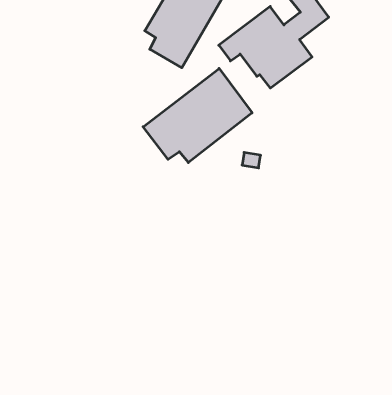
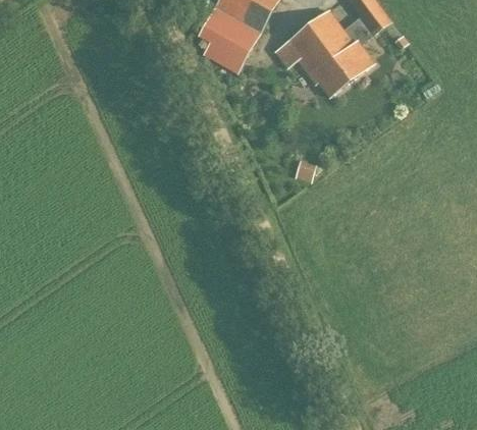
building: [143,68,252,163] -> none

